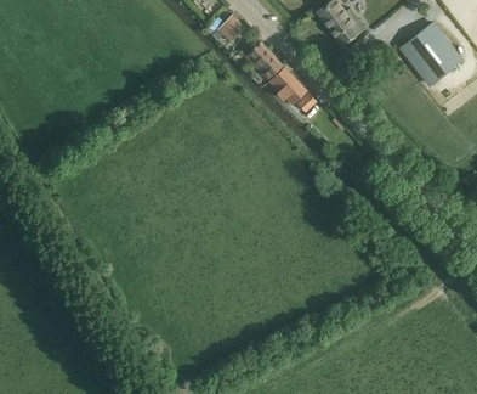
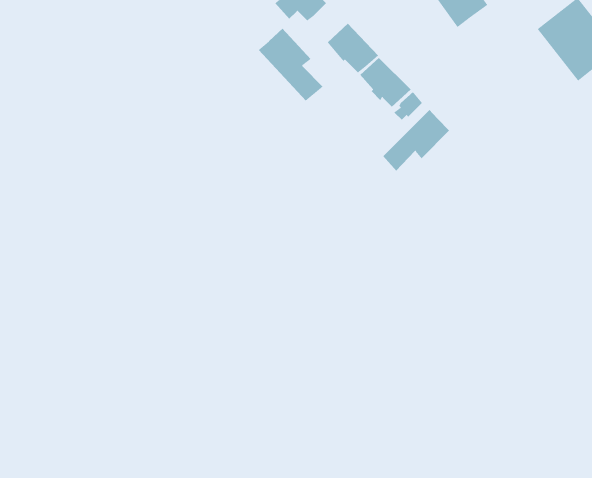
building: none -> [258,28,323,102]
building: none -> [382,109,450,172]

